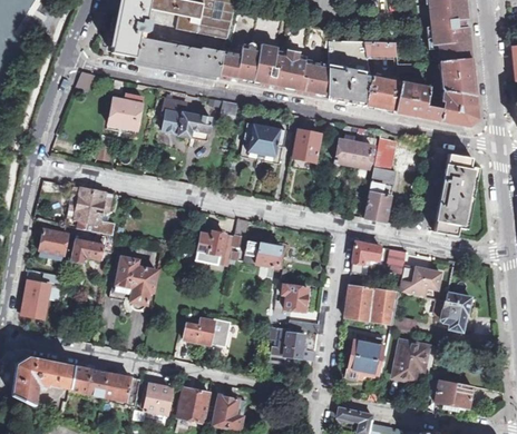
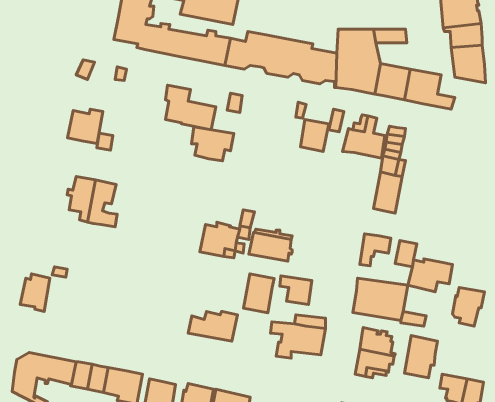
building: [440,89,477,126] -> none
building: [108,96,143,129] -> [67,109,103,144]
building: [245,124,286,157] -> [192,127,234,161]
building: [433,154,478,236] -> none
building: [39,227,68,260] -> none
building: [72,233,117,262] -> none
building: [110,256,157,313] -> none
building: none -> [244,274,274,313]

